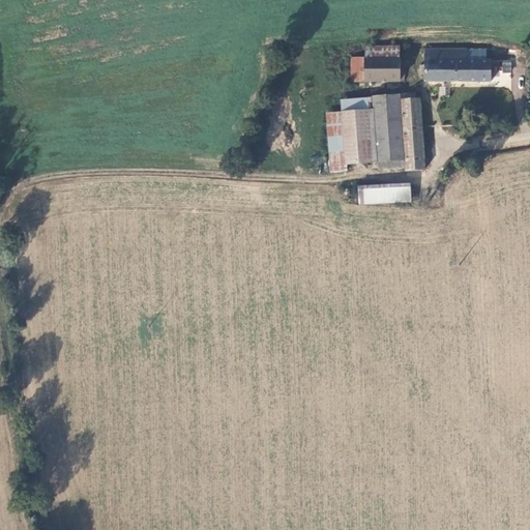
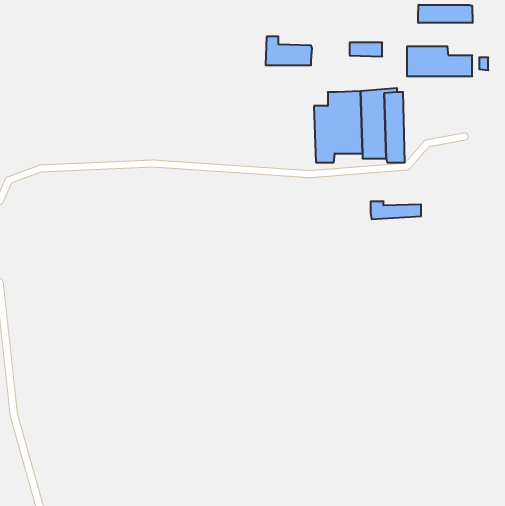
building: none -> [418,5,472,23]
building: [352,50,401,80] -> [266,37,312,65]
building: [357,185,410,204] -> [371,201,421,219]

